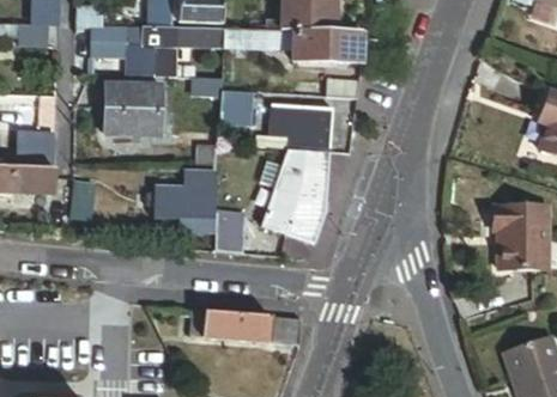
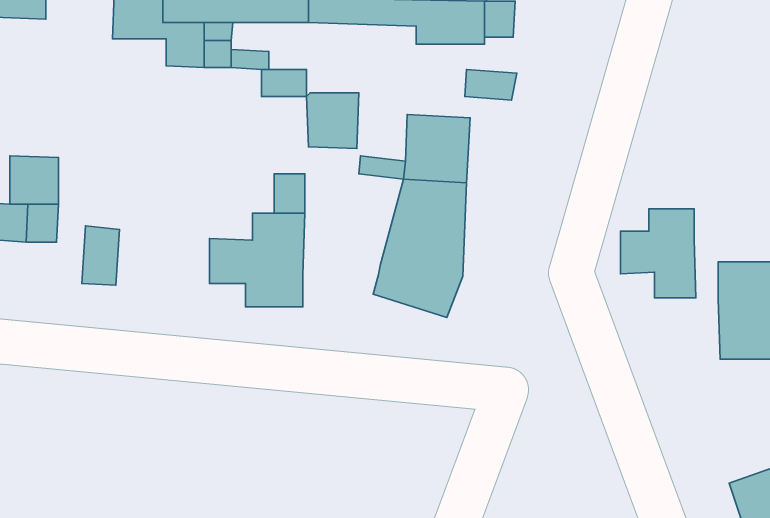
building: [104,81,153,130] -> none
building: none -> [621,209,696,298]
building: [218,213,247,255] -> none
building: [204,312,303,344] -> none

